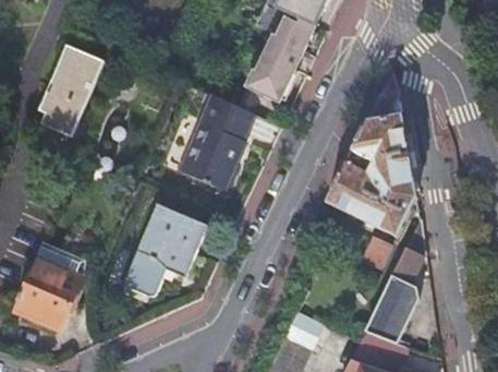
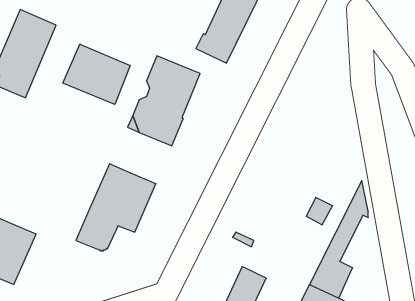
building: [325,71,416,238] -> none
building: none -> [63,44,130,104]

